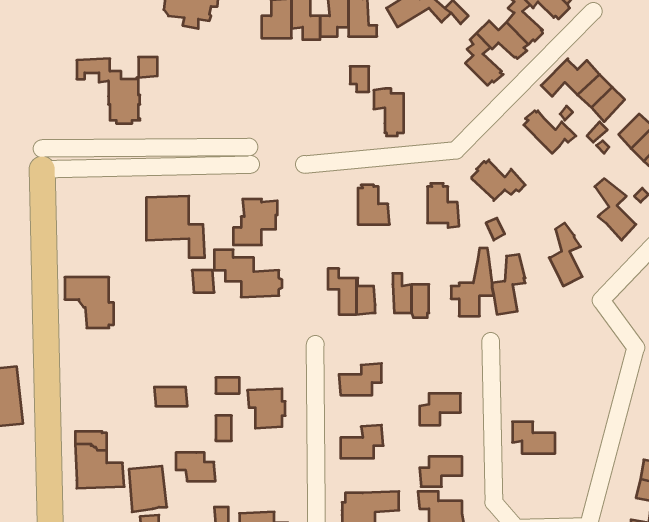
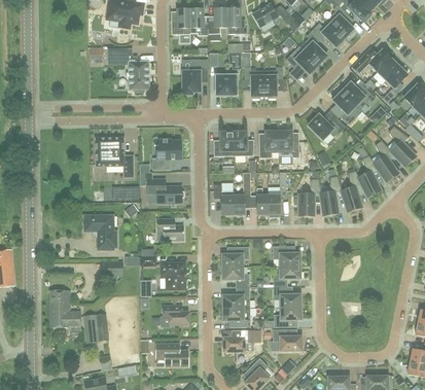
building: [77,59,140,123] -> [108,48,149,91]
building: none -> [286,50,318,74]
building: none -> [182,59,207,94]
building: none -> [263,67,283,98]
building: none -> [215,74,237,96]
building: none -> [331,91,362,125]
building: none -> [259,129,279,157]
building: none -> [214,130,234,156]
building: none -> [375,139,397,181]
building: none -> [342,170,365,211]
building: [65,277,114,328] -> [84,215,116,248]
building: none -> [157,218,184,240]
building: none -> [273,246,300,265]
building: none -> [222,267,249,287]
building: [512,422,555,453] -> [274,286,302,307]
building: [176,453,215,481] -> [163,305,188,323]
building: none -> [222,308,250,327]

